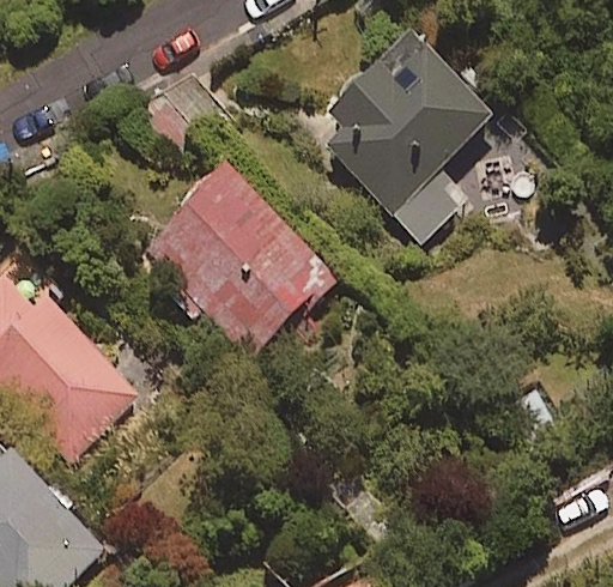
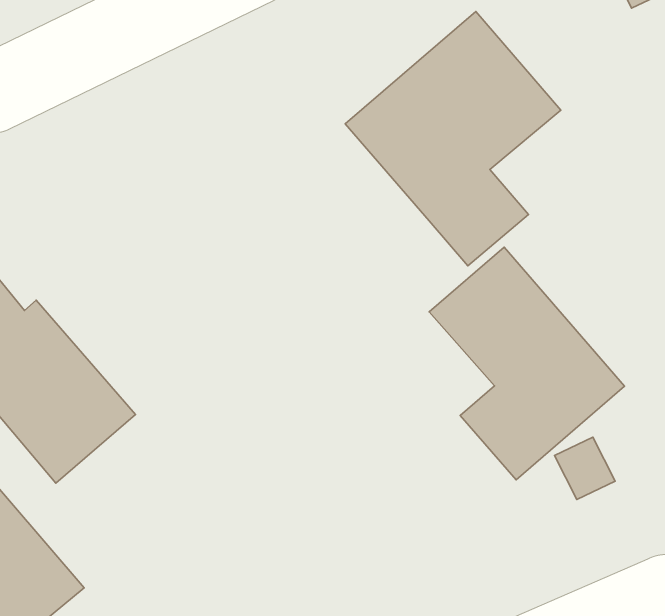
building: [140,161,340,361] -> none
building: none -> [429,247,625,480]

